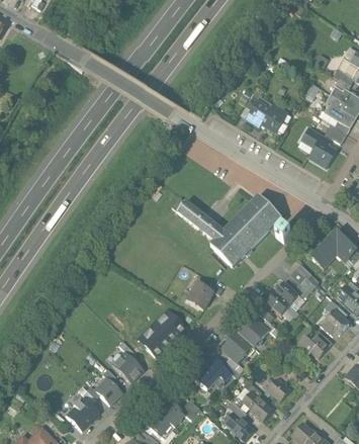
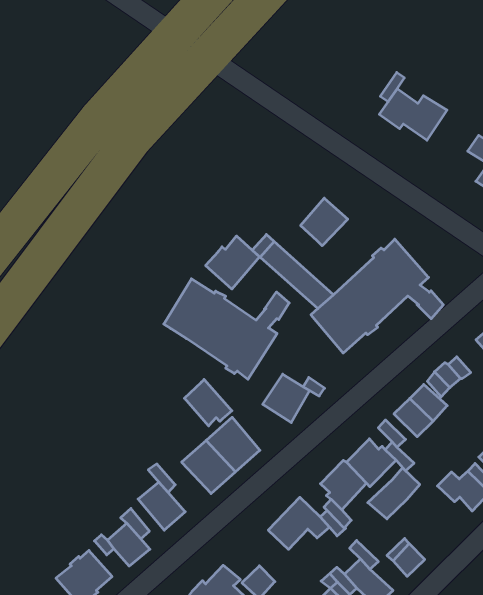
building: none -> [301,198,348,246]
building: none -> [206,236,260,289]
building: none -> [164,279,289,379]
building: none -> [184,379,232,426]
building: none -> [368,468,420,519]

